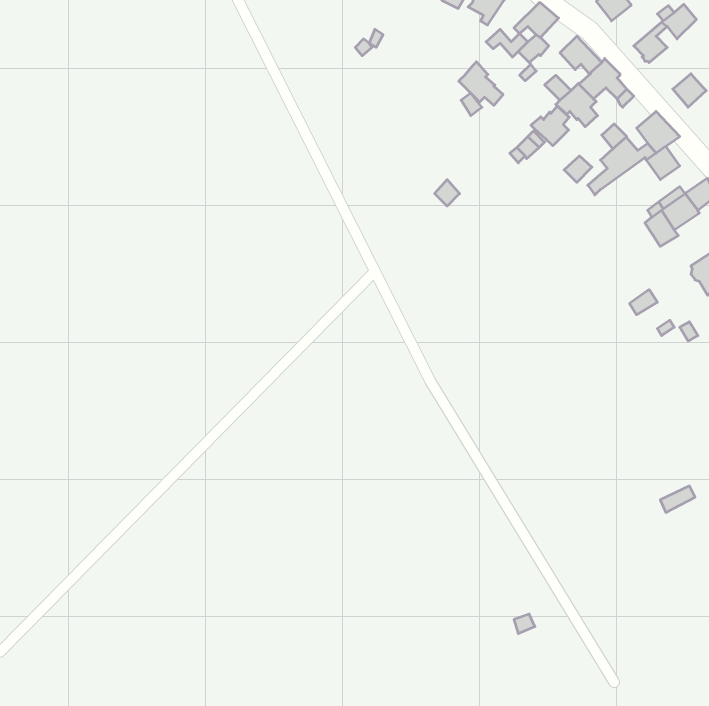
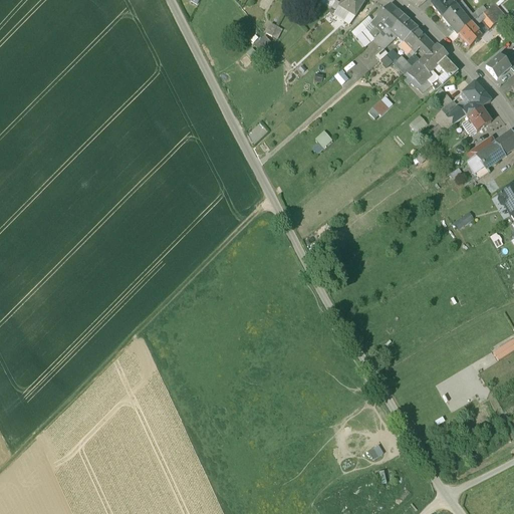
building: none -> [443,4,472,33]
building: none -> [392,13,419,39]
building: [459,62,503,105] -> none
building: [531,106,569,146] -> none

